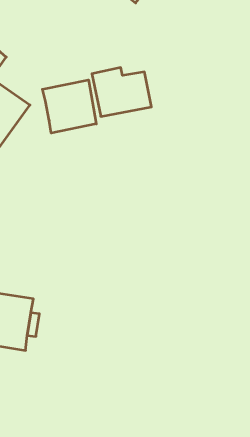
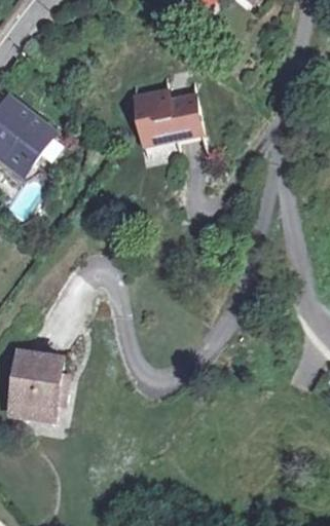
building: [42,80,96,133] -> none

